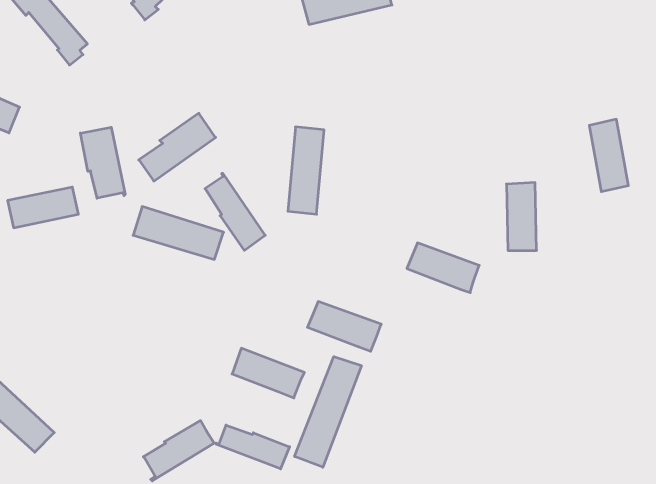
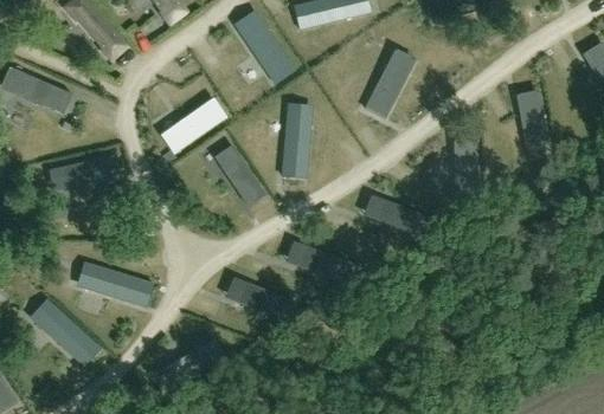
building: none -> [238,15,294,82]
building: none -> [364,59,407,116]
building: [80,127,125,198] -> none
building: [133,207,224,259] -> [82,263,153,304]
building: [295,357,361,467] -> none
building: [216,425,290,469] -> none

